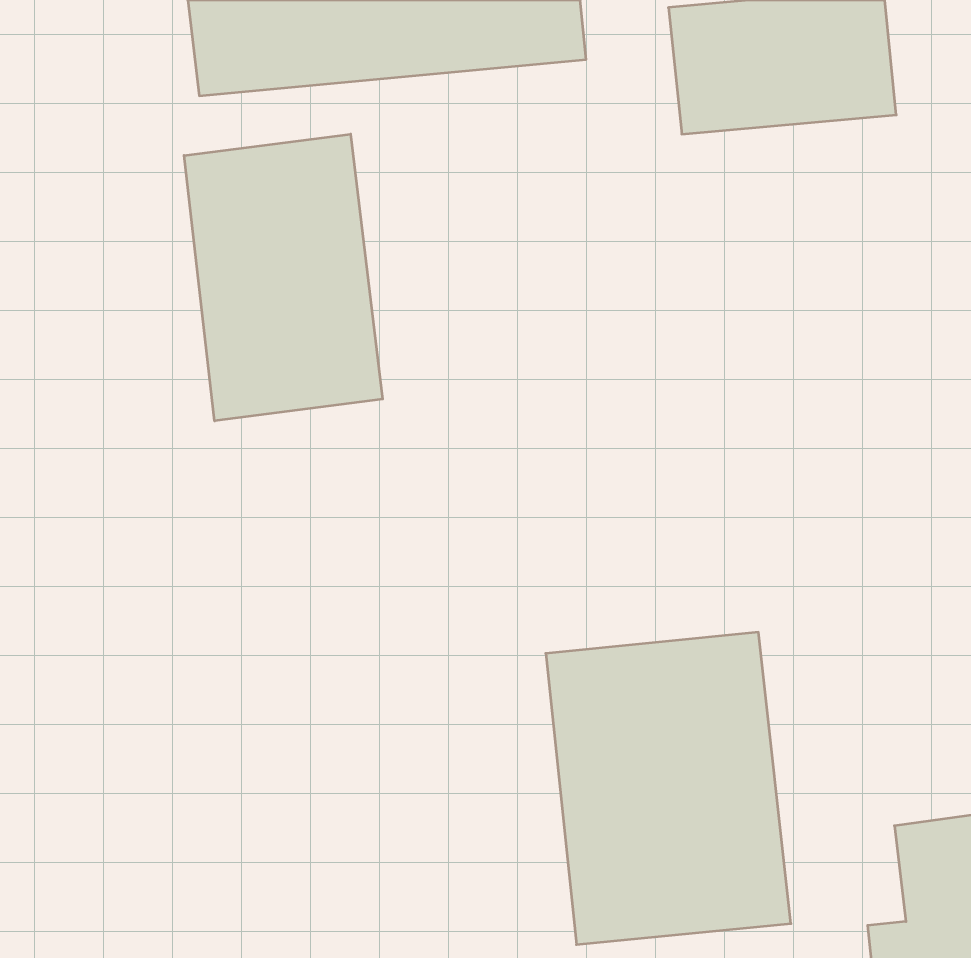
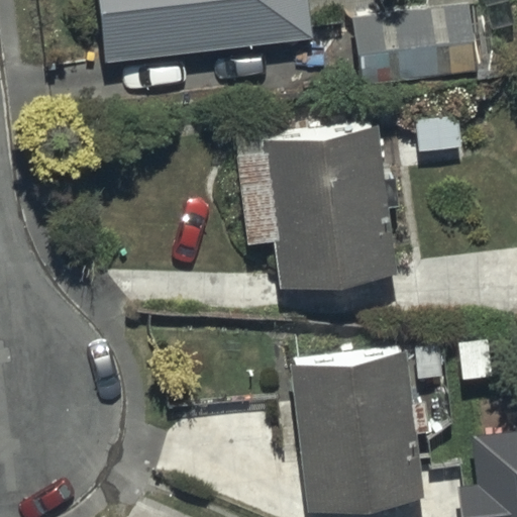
building: [184,134,383,421] -> none
building: none -> [240,123,394,288]

